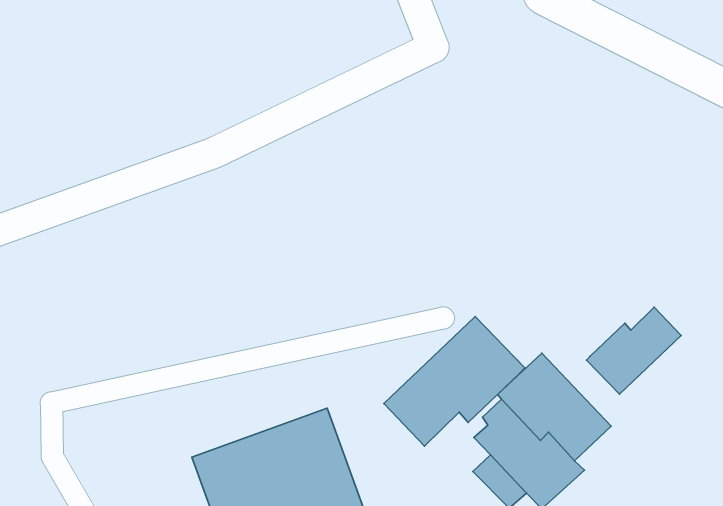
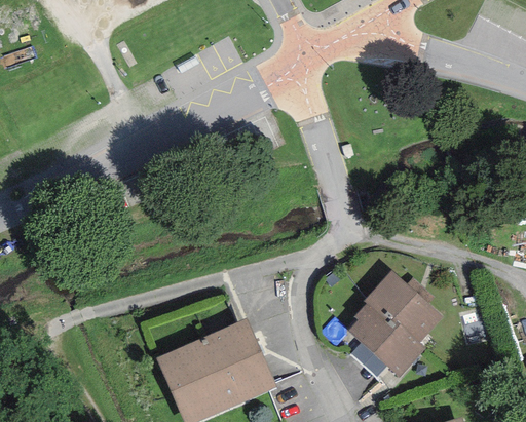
building: [587,307,681,394] -> none
building: [384,317,525,446] -> none

